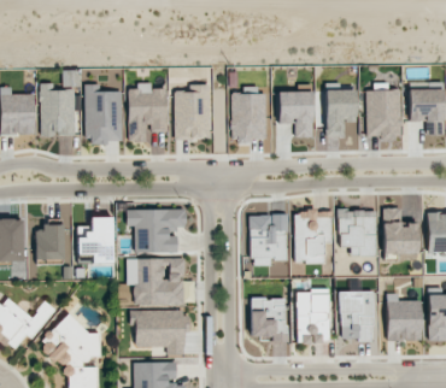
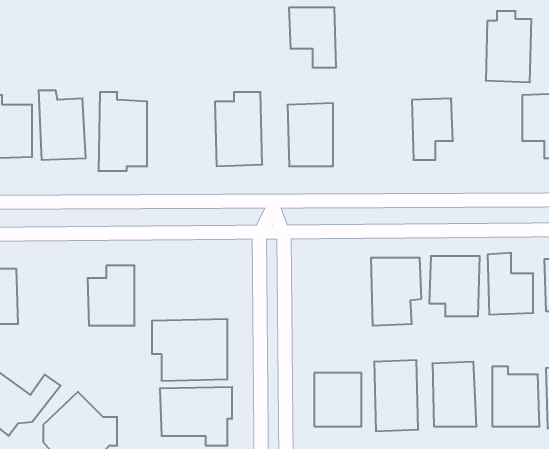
building: [129,82,168,141] -> none
building: [366,83,401,137] -> [486,11,531,82]
building: [277,92,313,137] -> [289,8,336,67]
building: [127,208,186,252] -> none
building: [251,214,287,260] -> none
building: [35,225,64,260] -> none

